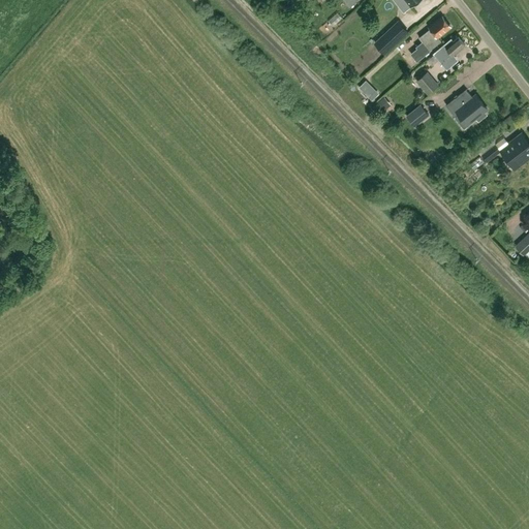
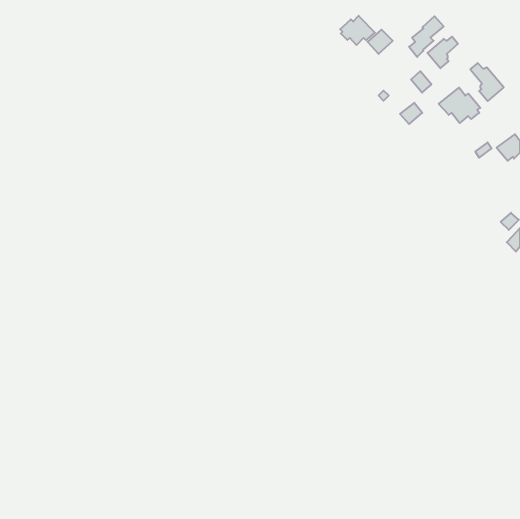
building: none -> [340,16,375,45]
building: none -> [470,63,504,101]

